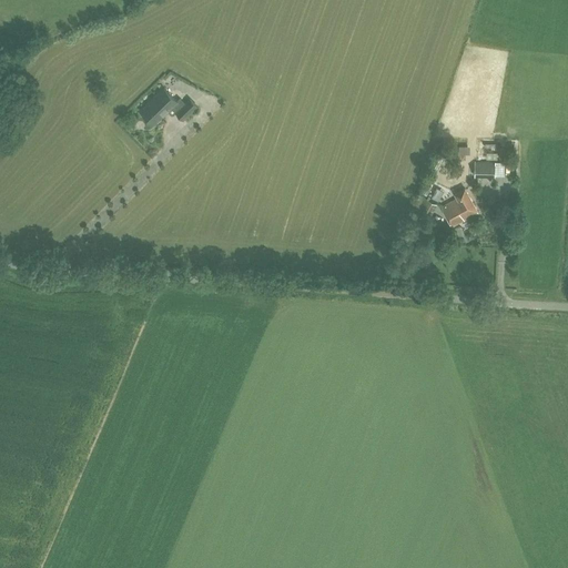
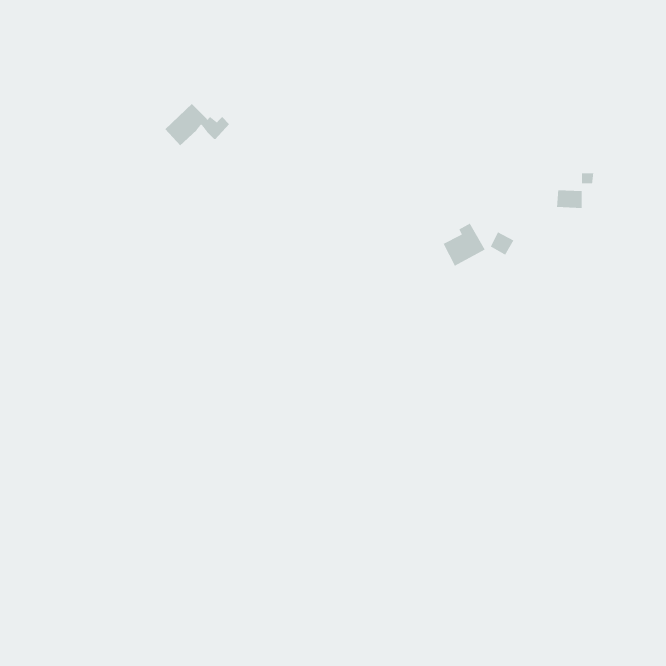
building: [440,190,477,227] -> [443,222,486,267]

